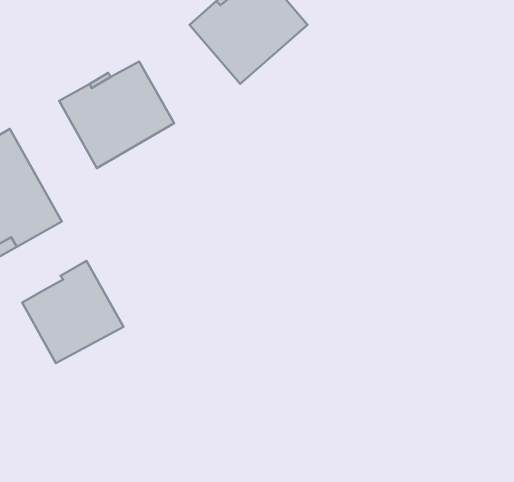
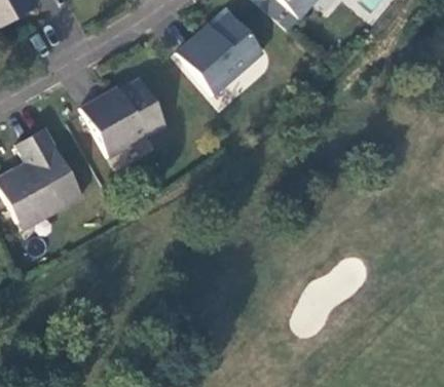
building: [22,261,124,363] -> none

